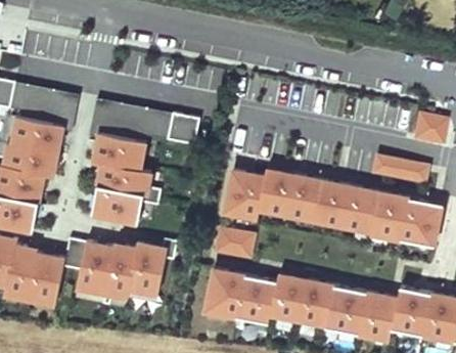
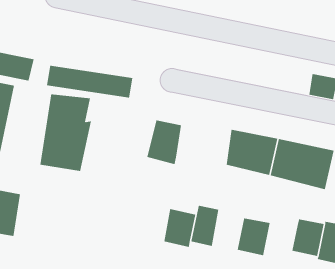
building: [374,156,432,186] -> none
building: [254,167,319,222] -> none
building: [213,225,256,258] -> none
building: [75,240,168,307] -> none
building: [202,265,245,318] -> none
building: [297,276,334,327] -> none
building: [358,290,399,343] -> none

